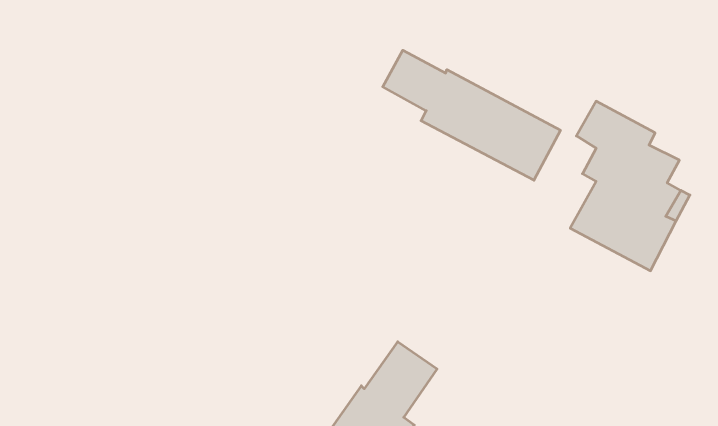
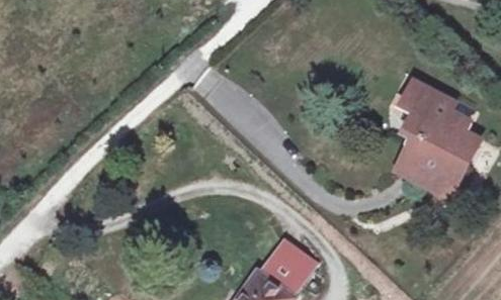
building: [383,50,560,180] -> none

